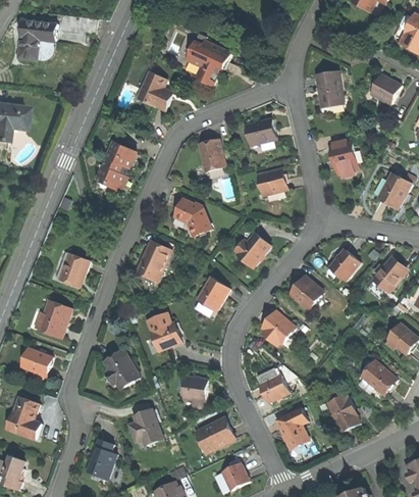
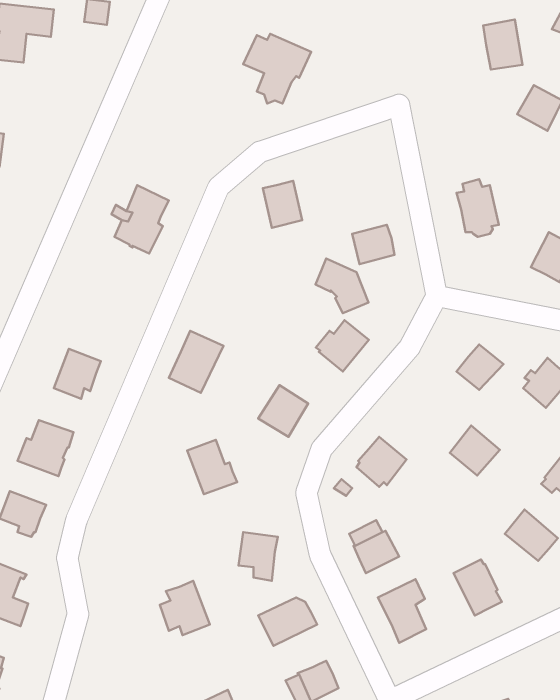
building: [137,71,173,110] -> none
building: [316,71,343,105] -> [483,19,522,69]
building: [245,118,275,145] -> none
building: [174,199,210,236] -> [316,259,369,313]
building: [290,276,323,309] -> [450,426,500,476]
building: [104,350,140,389] -> none
building: [86,439,115,477] -> none

